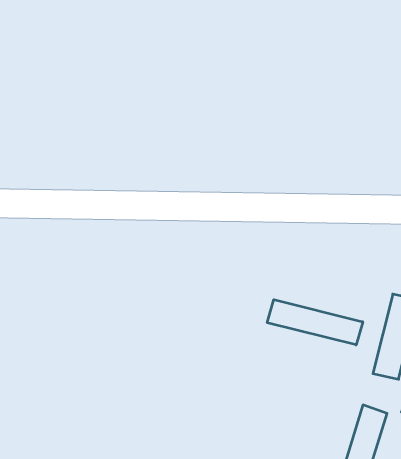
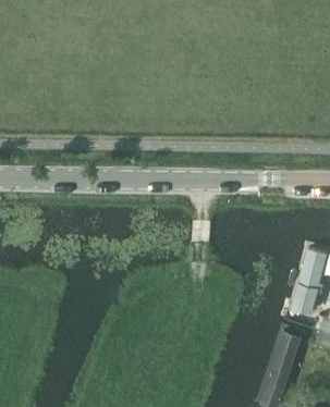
building: [267,300,363,345] -> none

